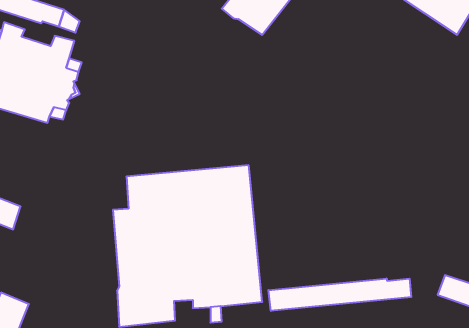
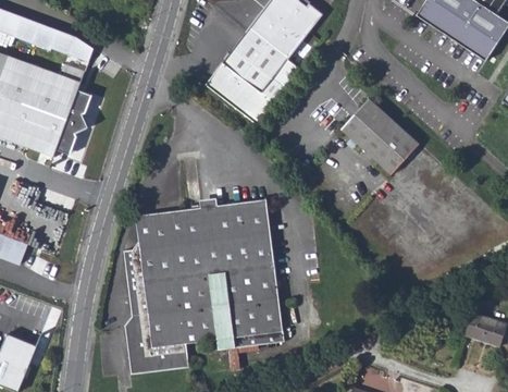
building: none -> [199,35,283,127]
building: none -> [344,97,421,173]
building: [268,278,411,311] -> none

